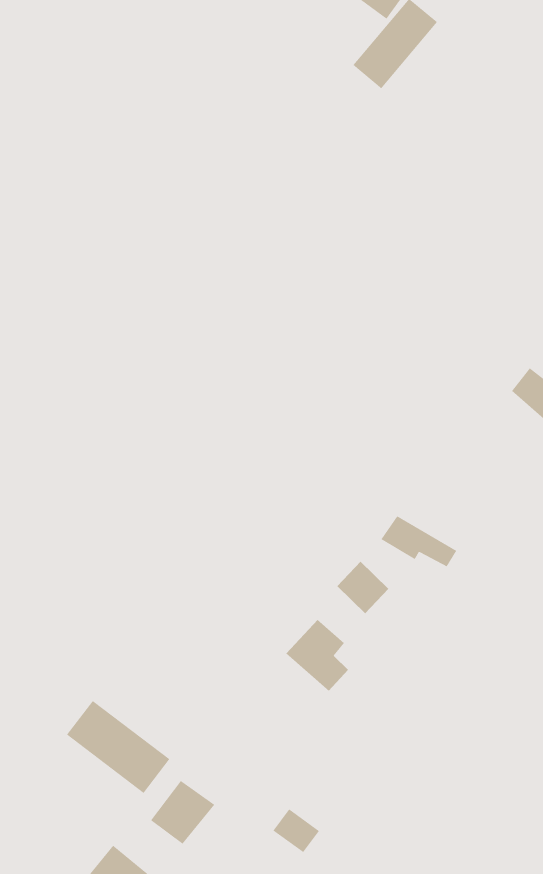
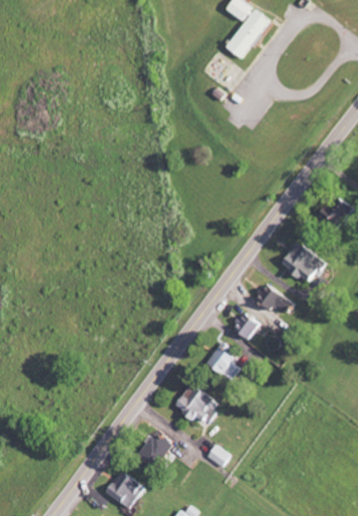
building: none -> [280,242,325,282]
building: none -> [173,384,218,426]
building: [66,700,170,794] -> none

